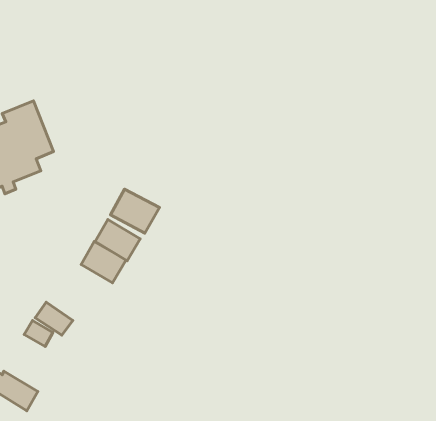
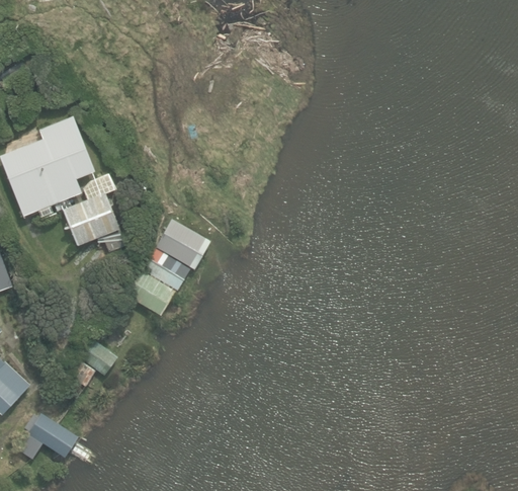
building: none -> [63,174,127,259]

